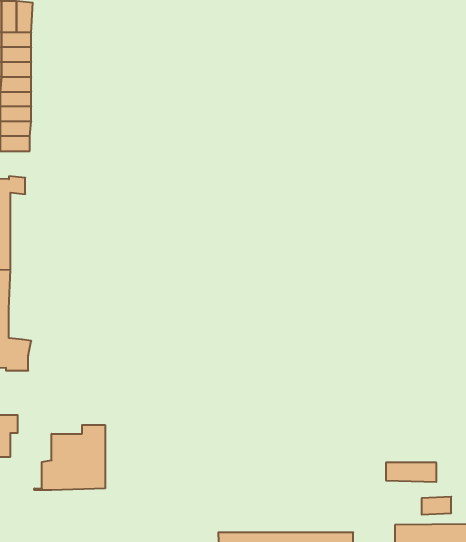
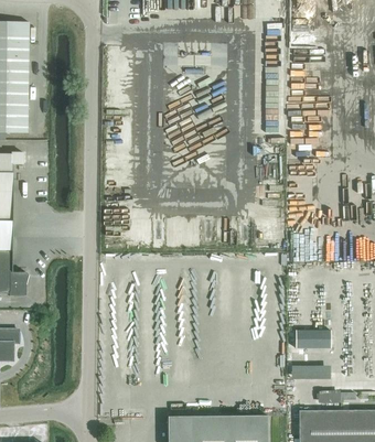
building: none -> [297,330,332,348]
building: [34,425,105,490] -> none

